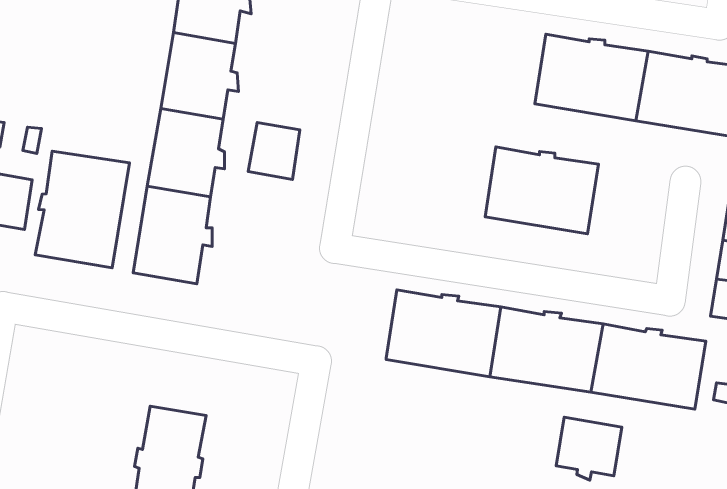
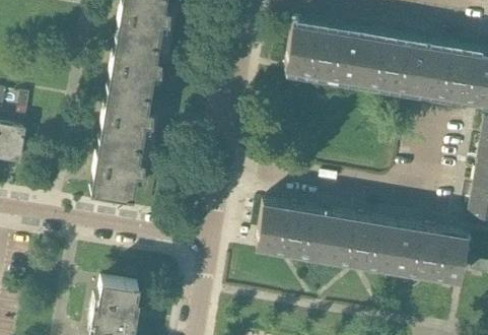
building: [248,123,300,179] -> none
building: [485,147,598,234] -> [288,24,362,81]
building: [35,151,130,268] -> none
building: [556,417,622,480] -> none

